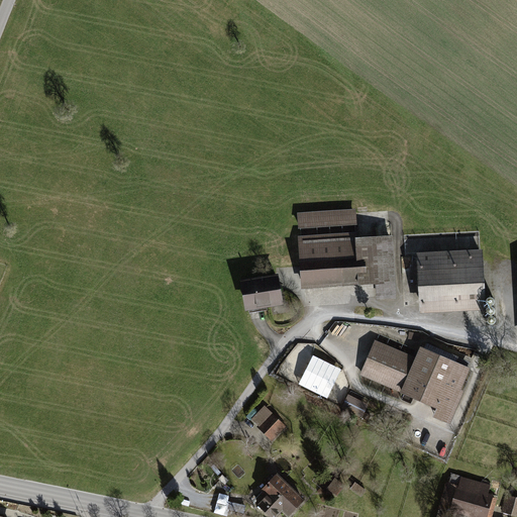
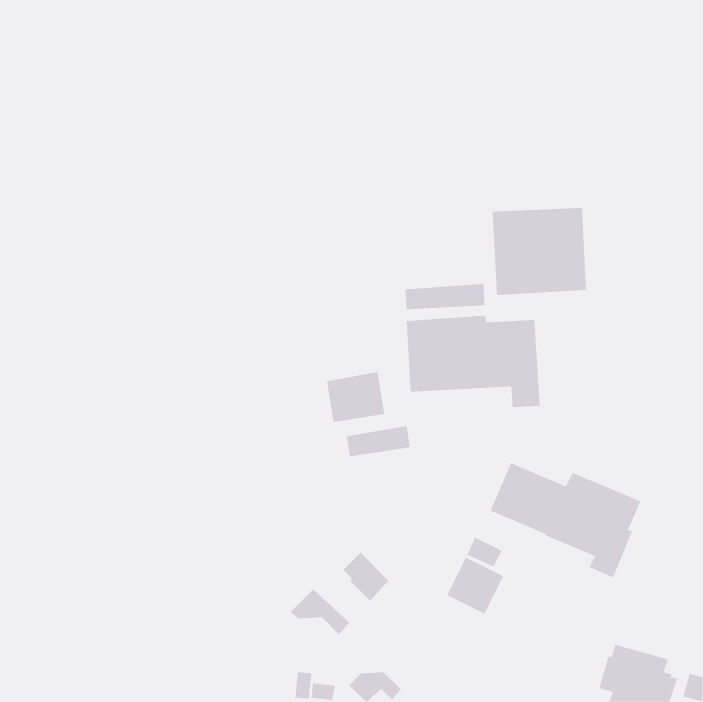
building: [416,248,486,313] -> [492,207,587,296]
building: none -> [346,425,410,457]
building: [299,354,341,397] -> [446,557,504,615]
building: [258,472,303,506] -> [290,589,350,635]

